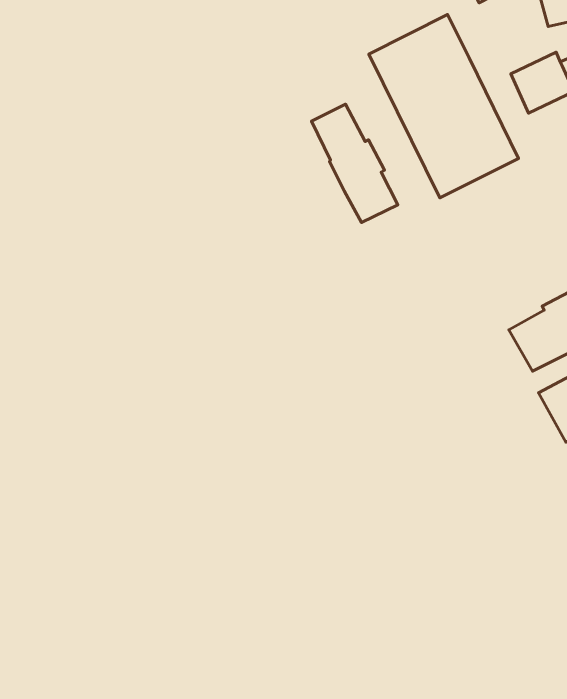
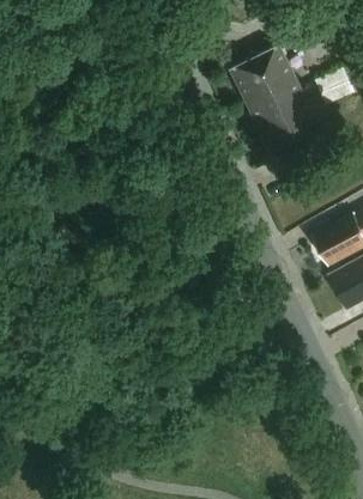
building: [312,104,398,222] -> none

